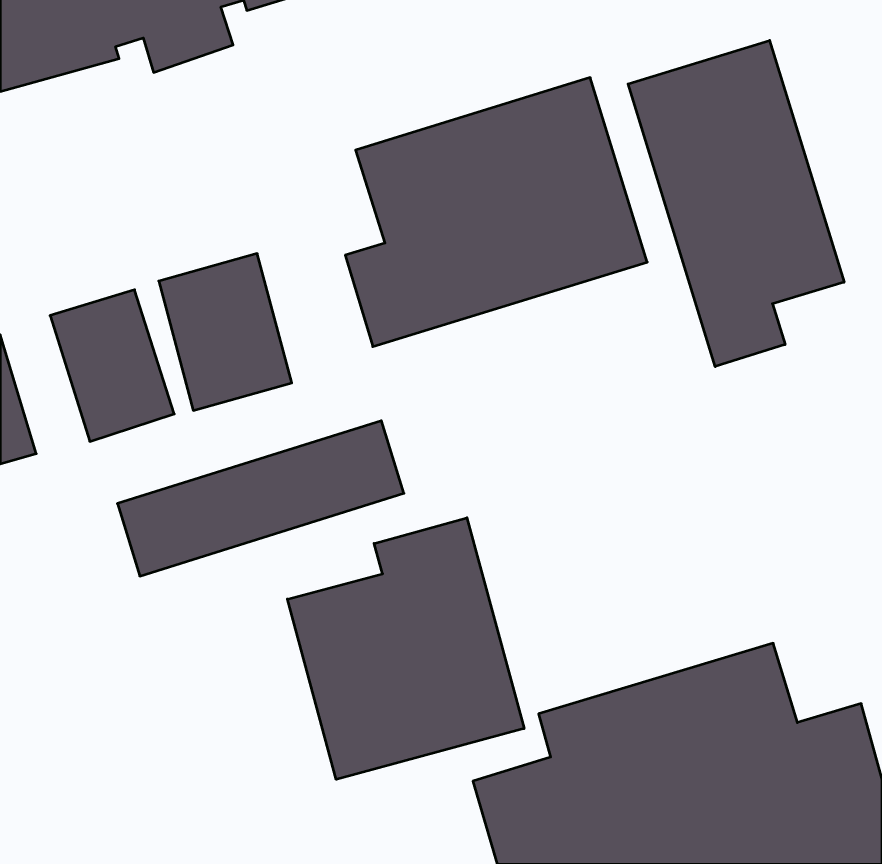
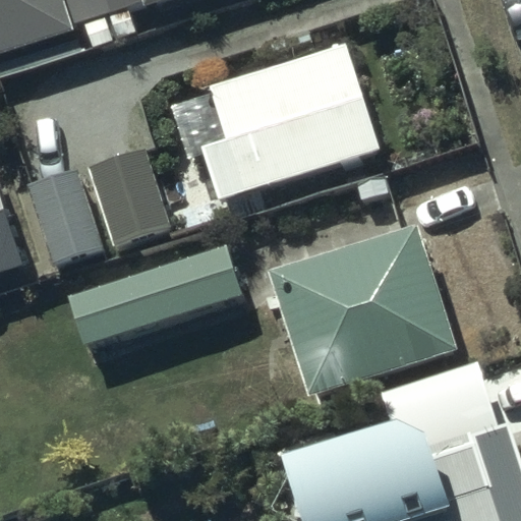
building: [628,40,844,367] -> none
building: none -> [268,228,451,389]
building: [287,518,524,779] -> none

